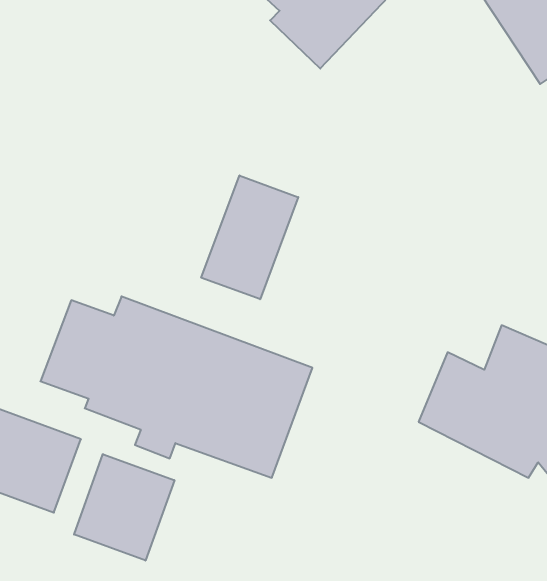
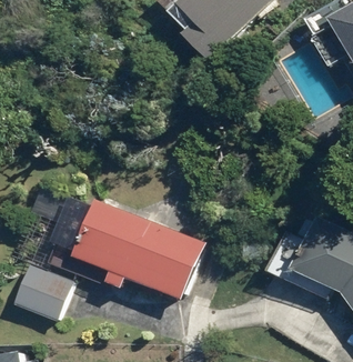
building: [201,175,298,299] -> none
building: [74,454,174,561] -> none

